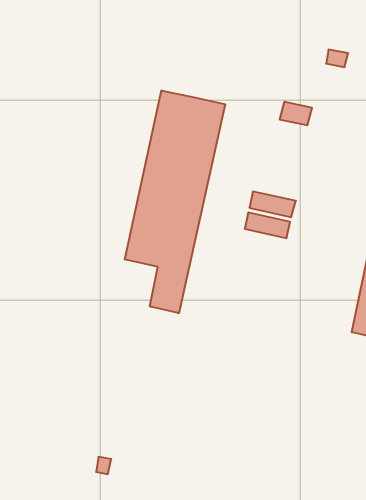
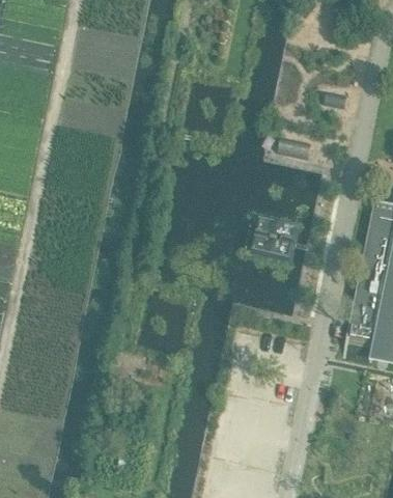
building: [125,90,225,313] -> none

